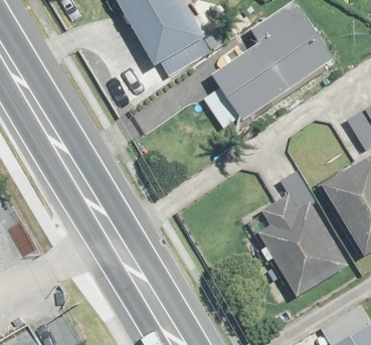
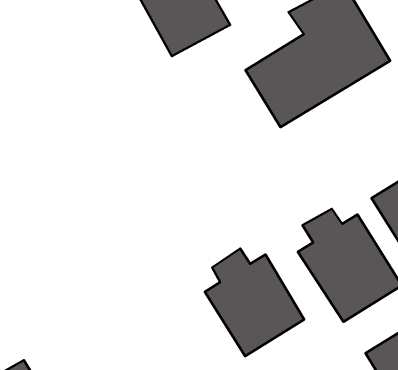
building: none -> [205,248,304,356]

